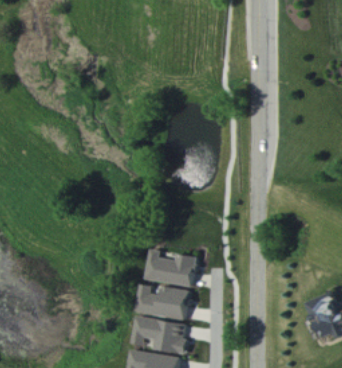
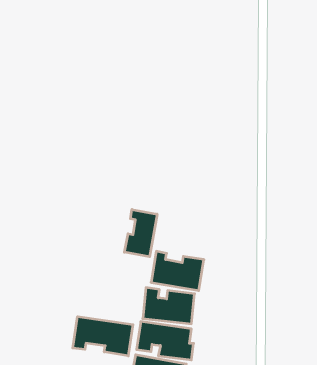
building: none -> [124,209,157,257]
building: none -> [73,317,133,356]

